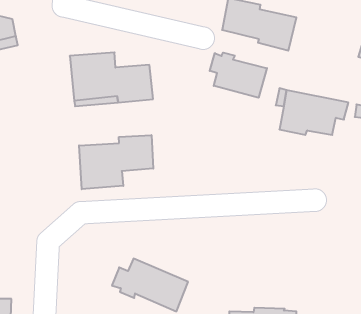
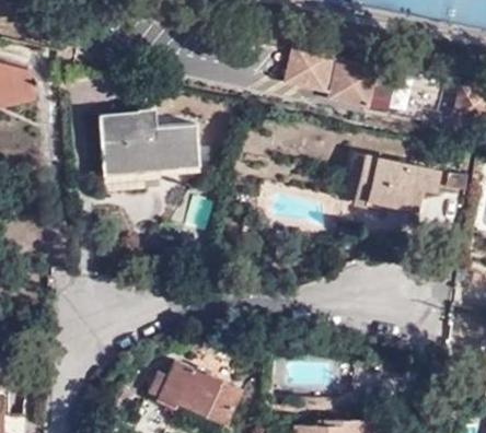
building: [210,53,267,98] -> none
building: [79,135,153,189] -> none

